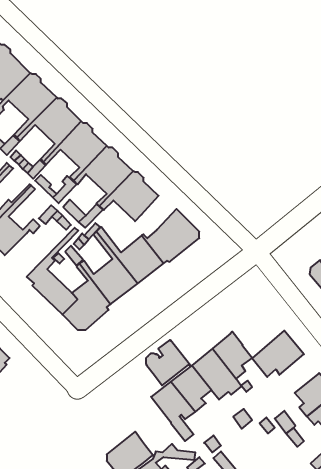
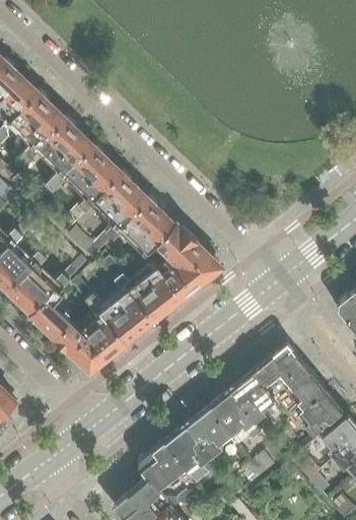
building: none -> [155,222,193,261]
building: none -> [8,258,83,312]
building: none -> [251,342,308,399]
building: [146,340,190,385] -> [139,441,187,490]
building: none -> [303,395,342,437]

